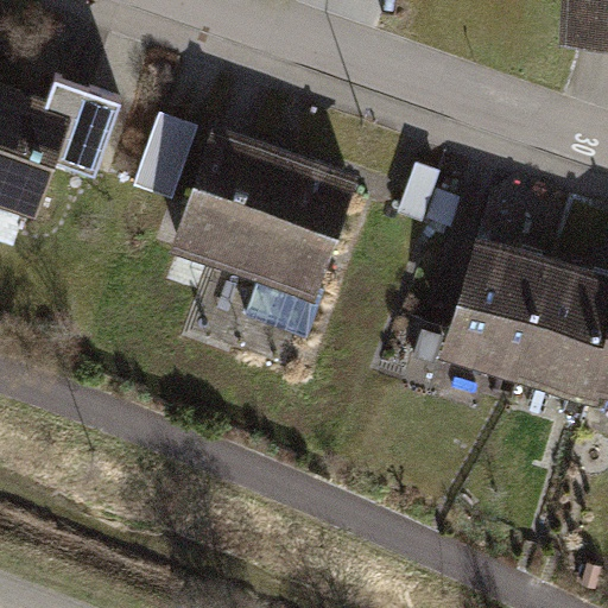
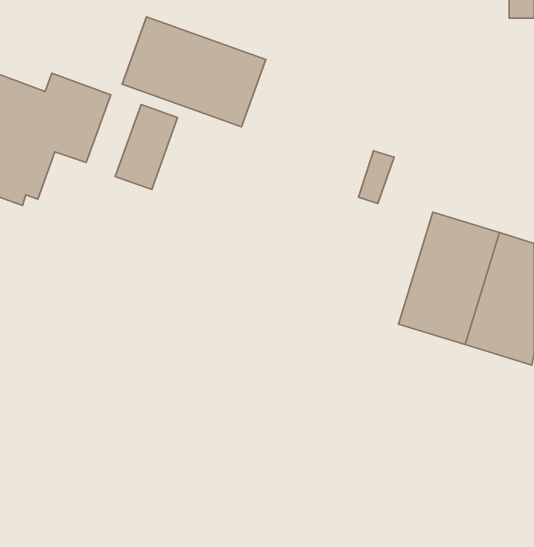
building: none -> [122,17,266,127]
building: [171,129,357,302] -> none

